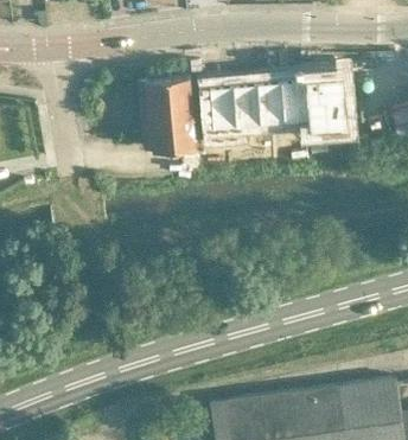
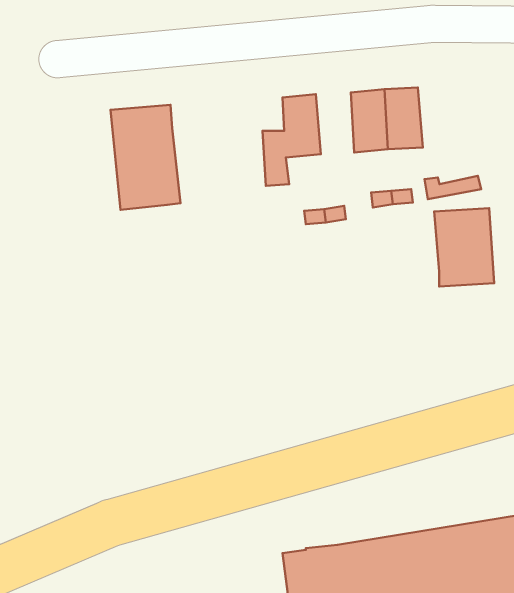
building: [306,74,349,129] -> [434,208,494,286]
building: [146,78,196,153] -> [111,105,181,210]
building: [234,79,261,123] -> none

